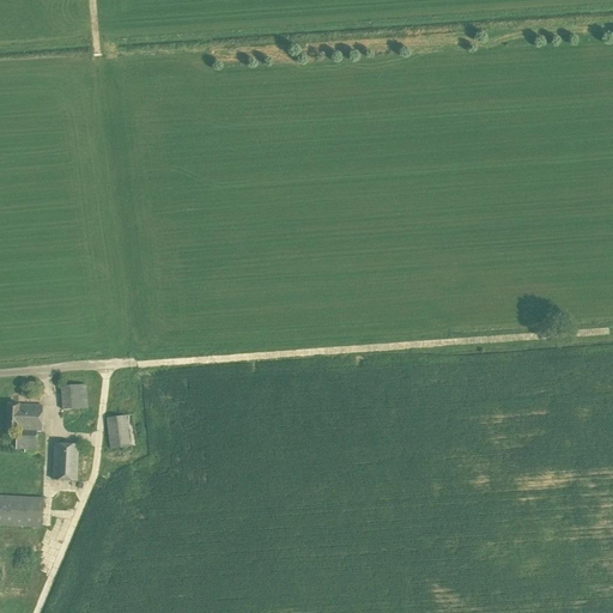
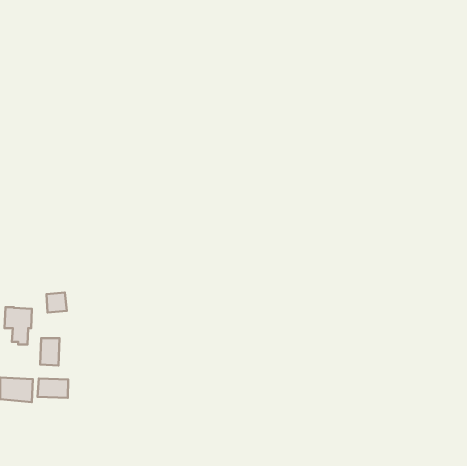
building: [107,414,129,448] -> none
building: none -> [38,378,68,398]

